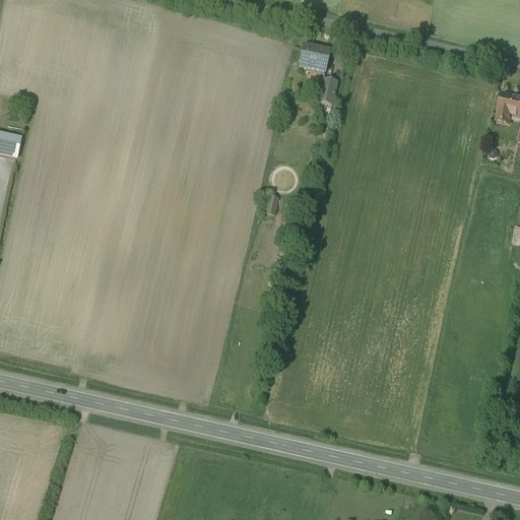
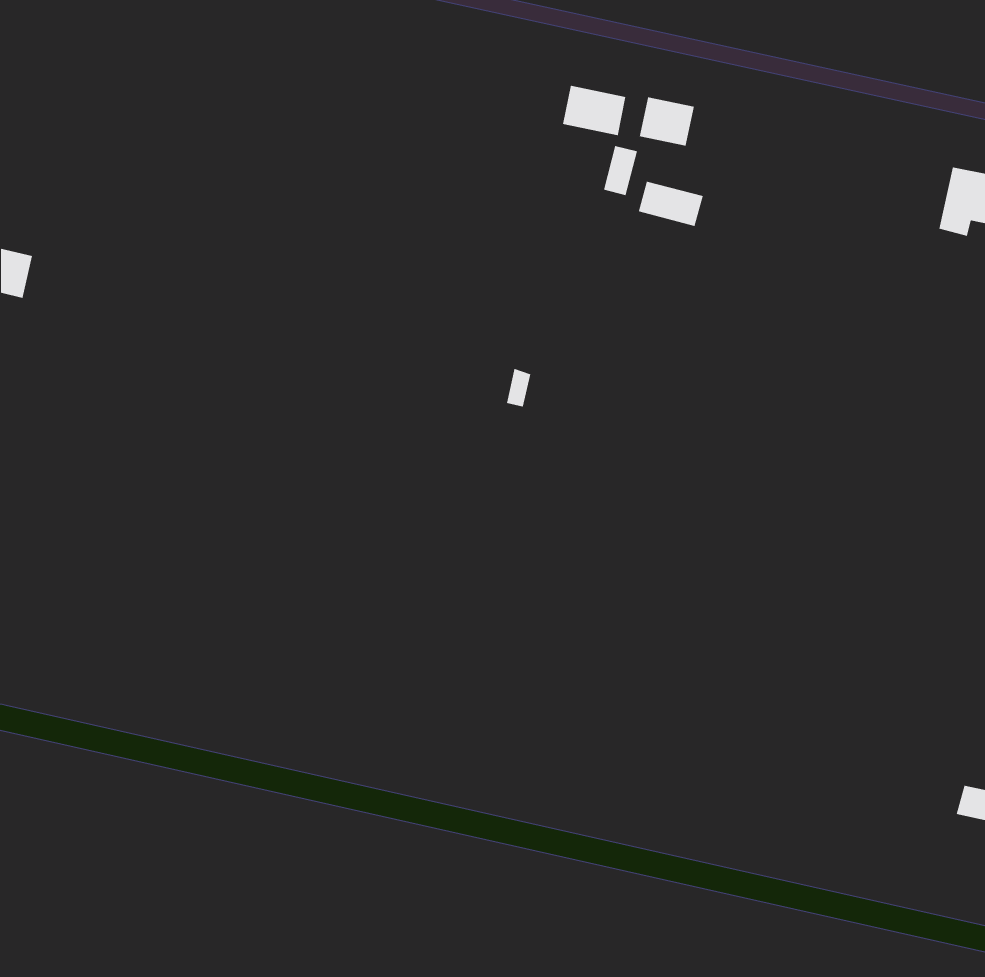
building: none -> [639,96,695,147]
building: none -> [638,181,703,227]

